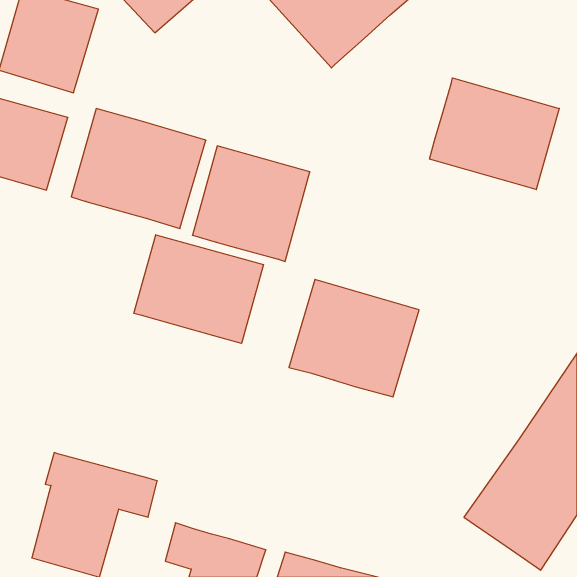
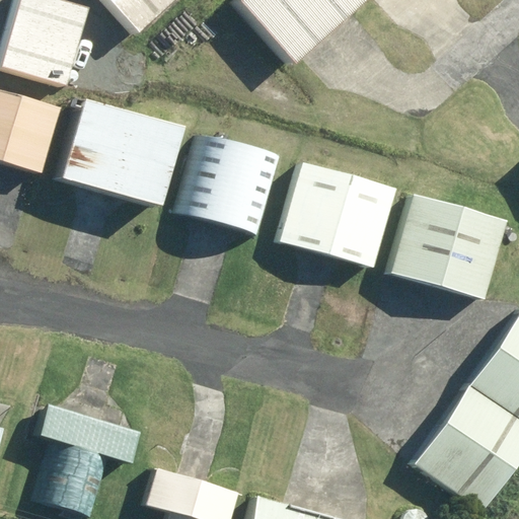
building: [429,78,559,190] -> none
building: none -> [390,194,506,298]
building: [134,235,263,343] -> none
building: [289,279,419,397] -> [279,160,395,266]

